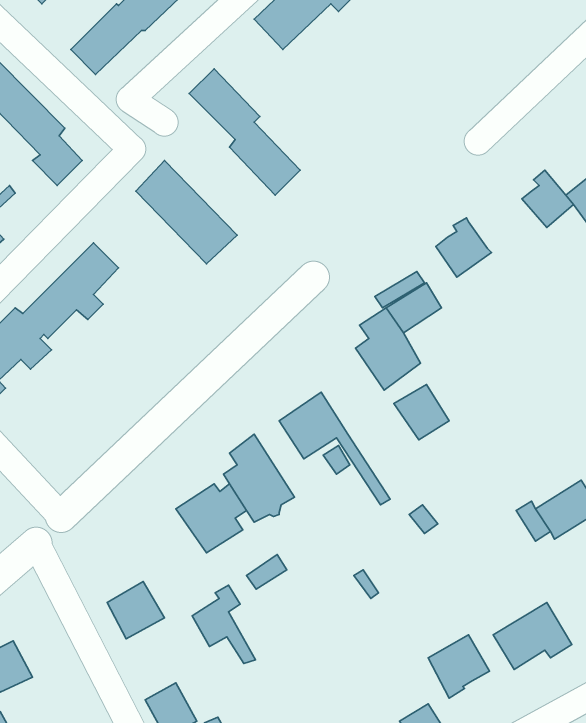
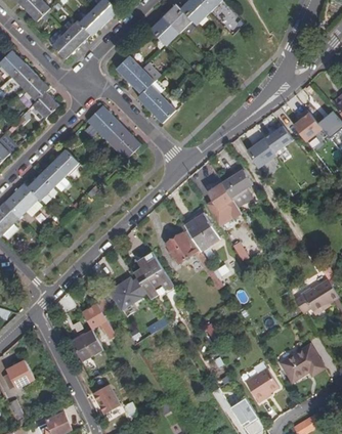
building: none -> [265,126,293,153]
building: none -> [184,213,219,252]
building: [192,585,255,664] -> [82,297,116,339]

